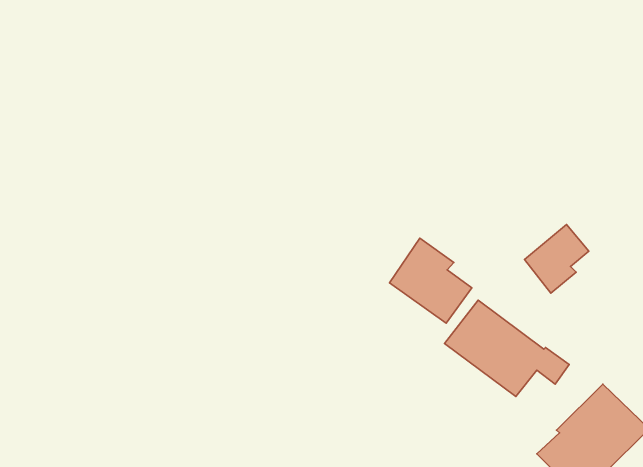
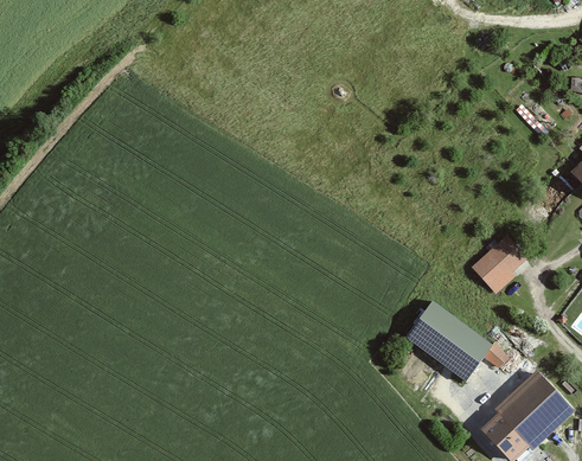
building: [390,238,472,323] -> none

